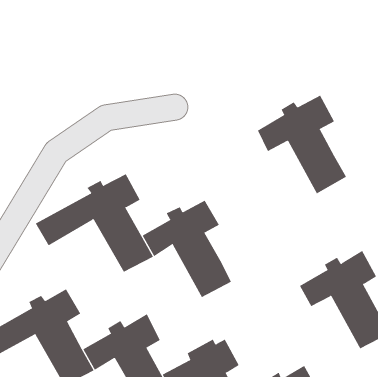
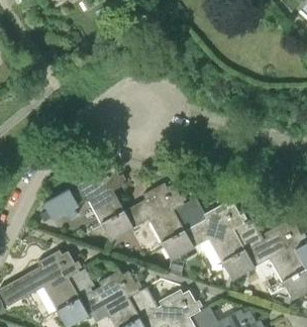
building: [257,95,347,194] -> [185,203,253,279]

